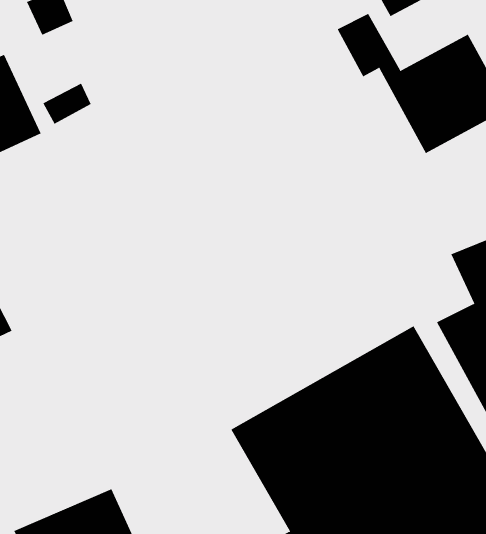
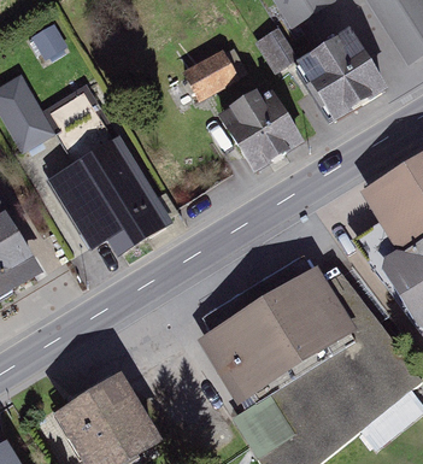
building: none -> [184,46,242,99]
building: none -> [221,88,306,172]
building: none -> [53,134,178,256]

